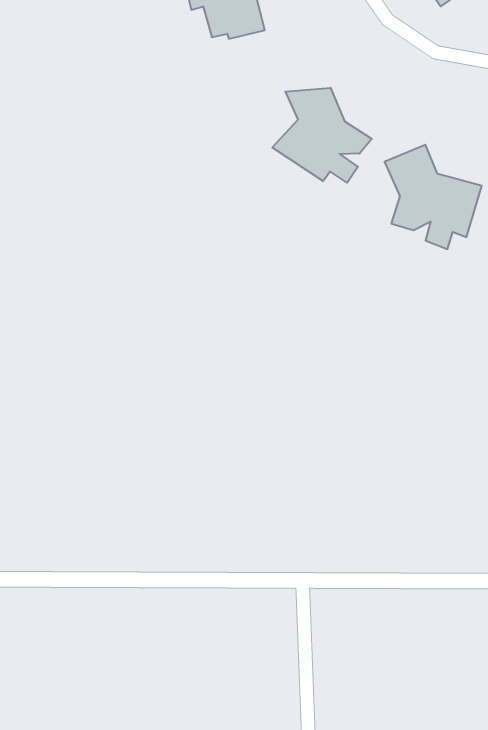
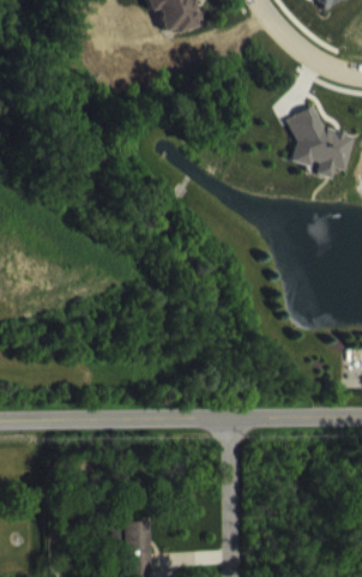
building: [272,88,372,183] -> none

